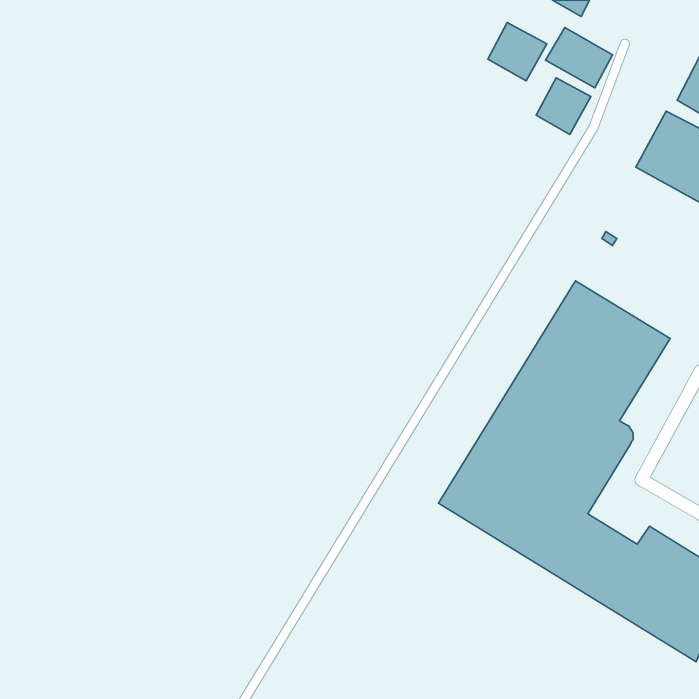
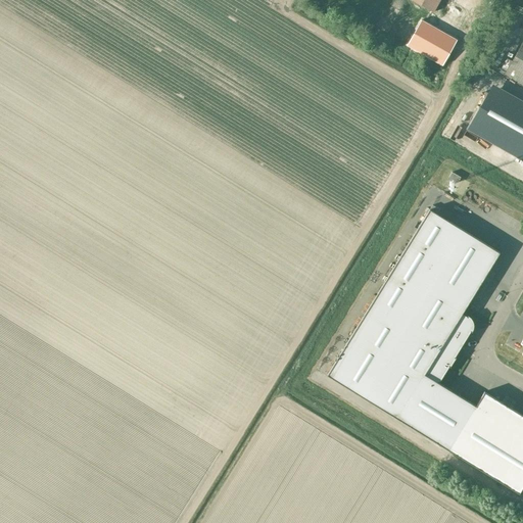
building: [488,22,547,81] -> none
building: [536,78,591,134] -> none

